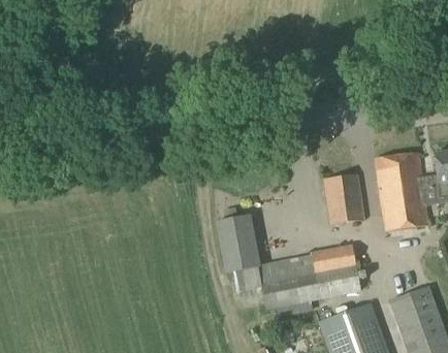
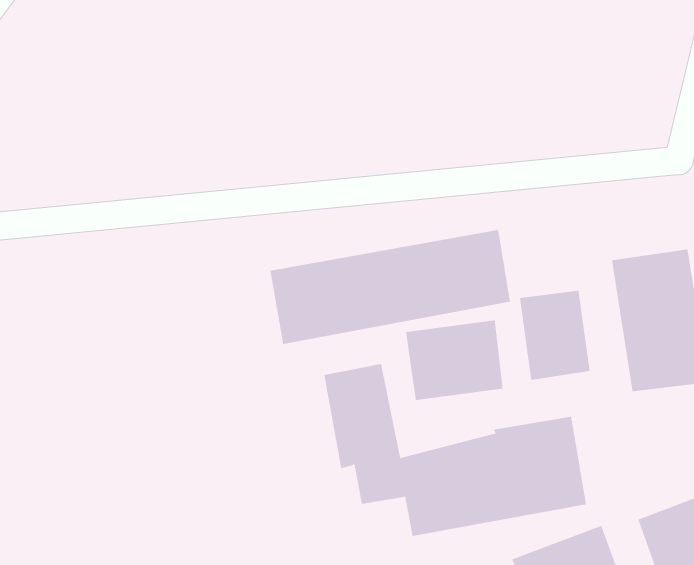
building: none -> [270,229,510,345]
building: none -> [405,319,503,401]

